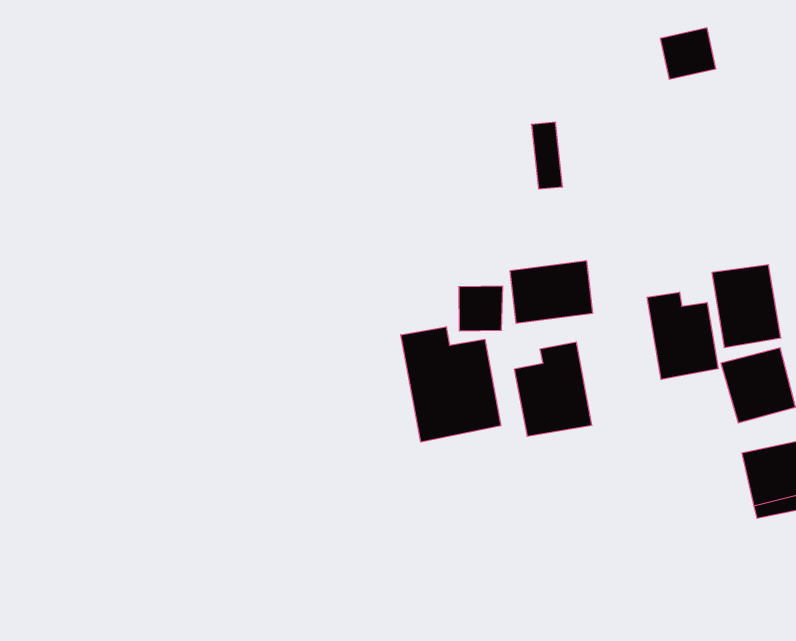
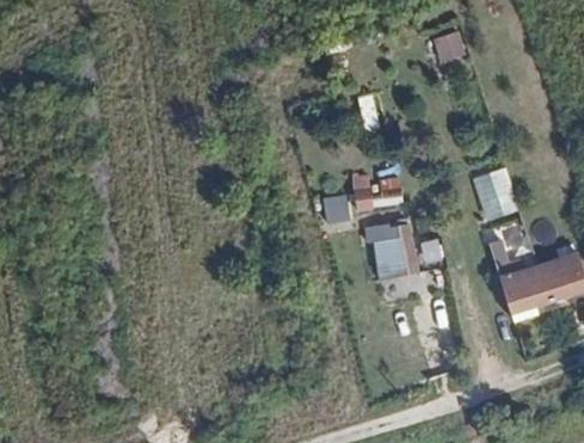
building: [647,292,718,380] -> none
building: [401,327,501,442] -> none

